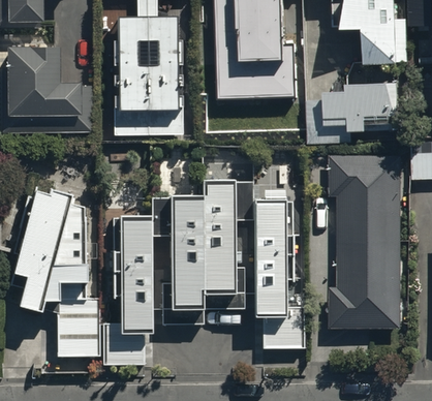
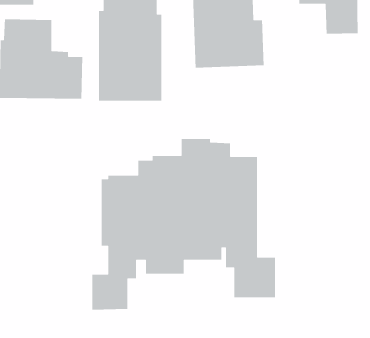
building: [322,81,396,131] -> none
building: [329,154,400,327] -> none
building: [12,188,98,356] -> none

